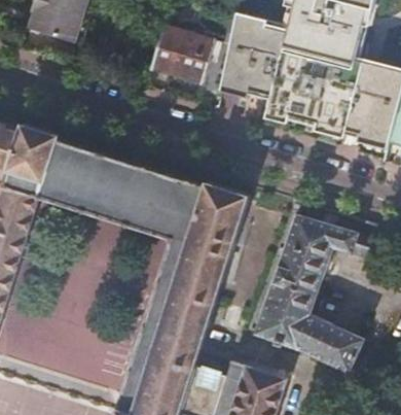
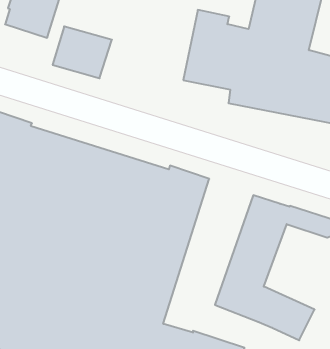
building: [152,27,216,82] -> [53,26,112,78]

